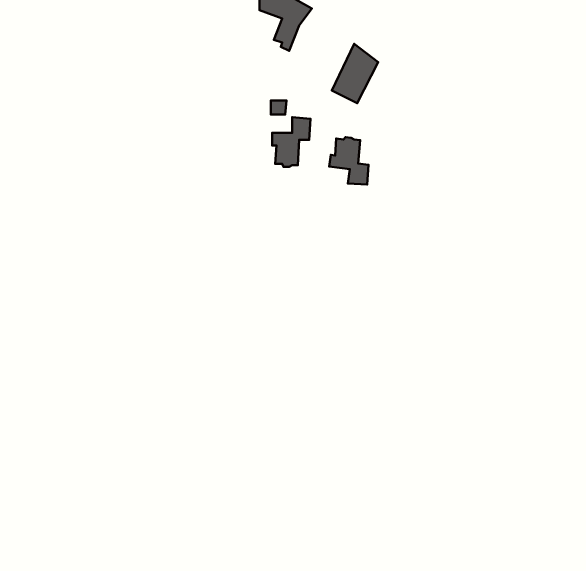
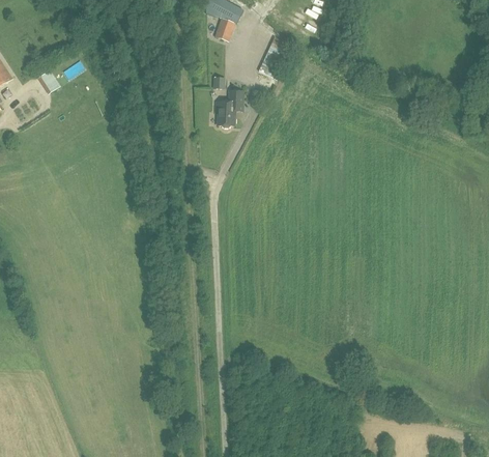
building: [329,137,369,184] -> none

